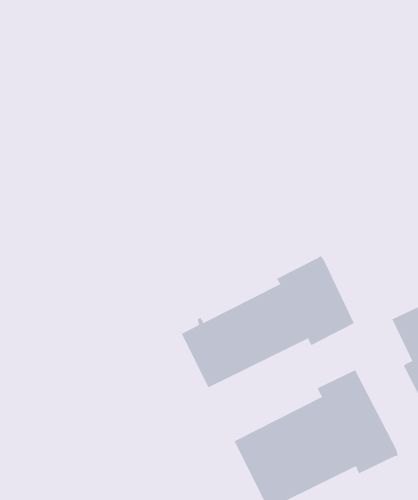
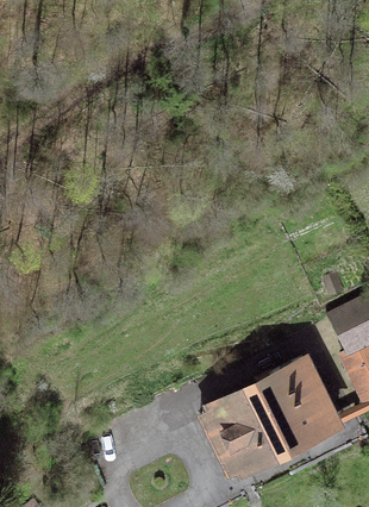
building: [181,255,355,388] -> none

